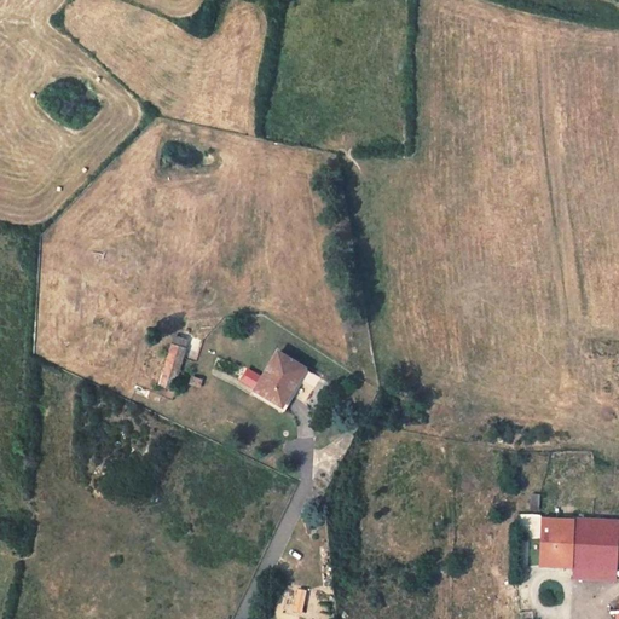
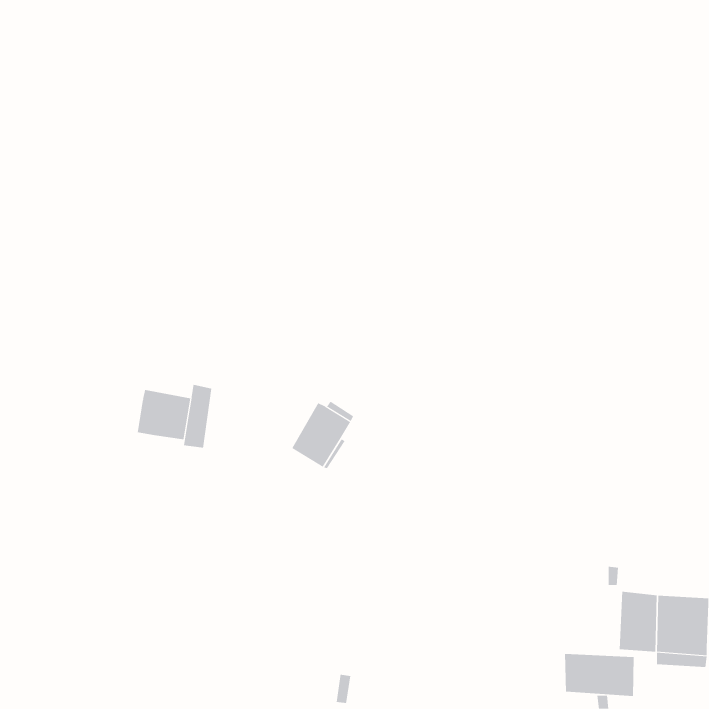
building: none -> [137,389,191,440]
building: none -> [564,653,634,697]

